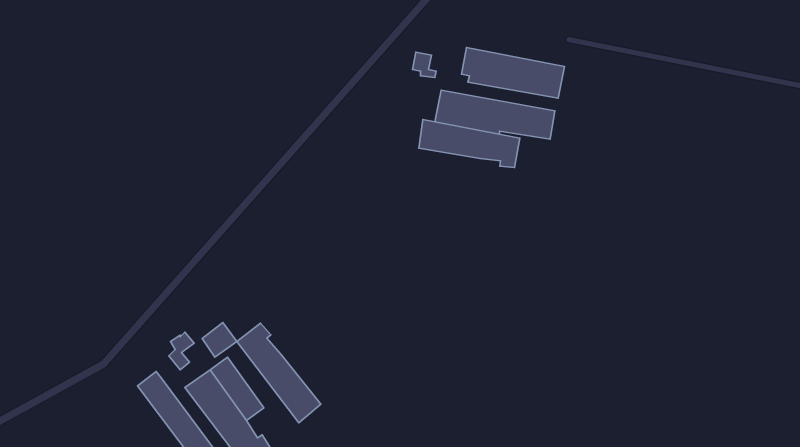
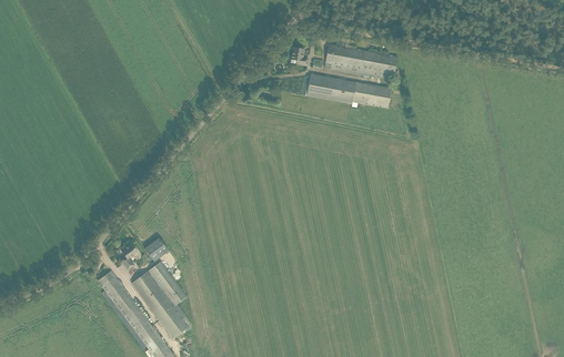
building: [419,120,520,168] -> none
building: [237,323,321,423] -> none

